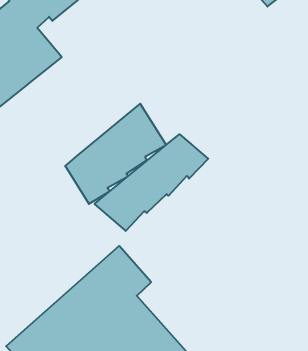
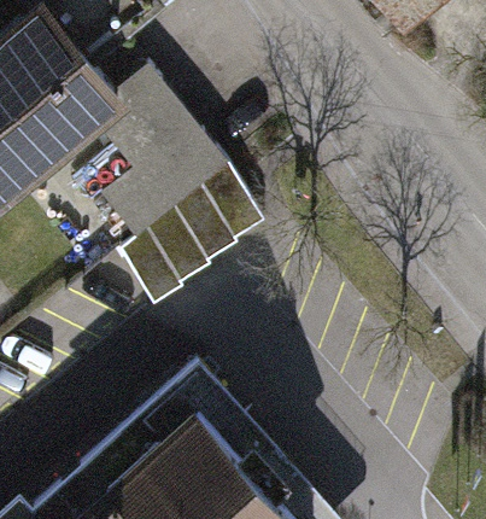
building: none -> [71,76,227,235]
building: [95,134,208,231] -> none

